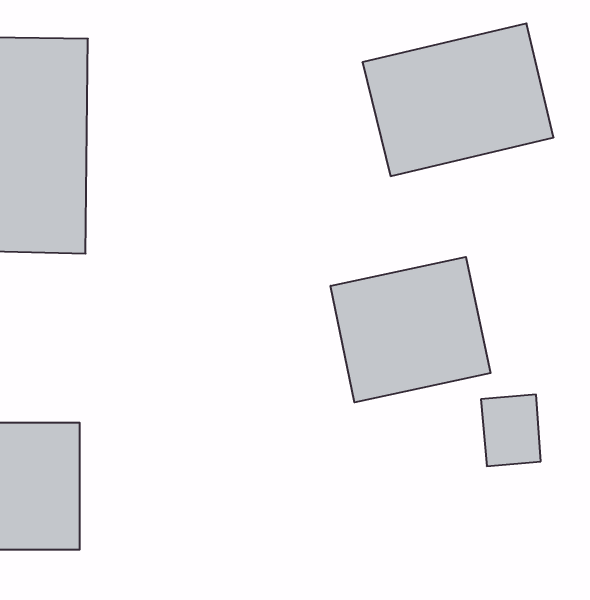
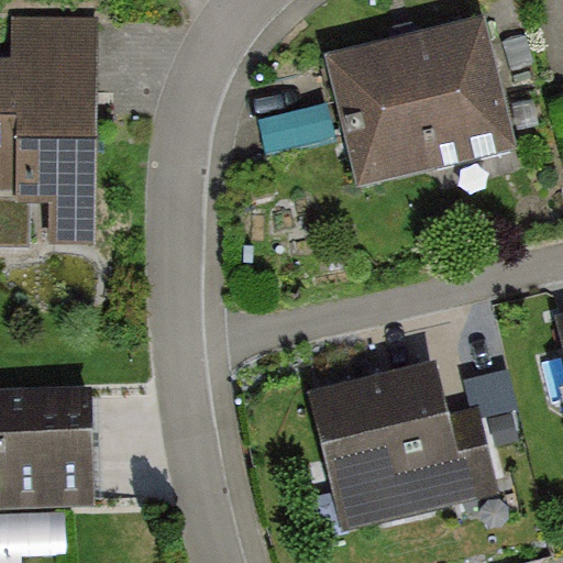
building: [331,257,491,402] -> none
building: none -> [319,377,463,517]

